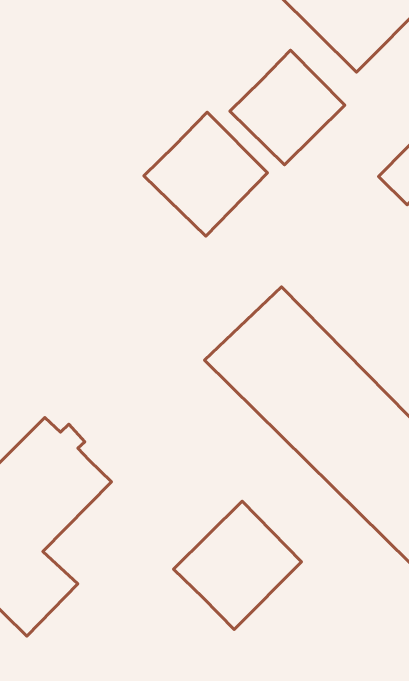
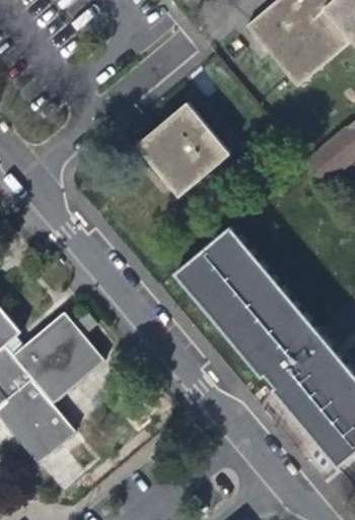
building: [230,50,345,165] -> none
building: [173,501,301,630] -> none

